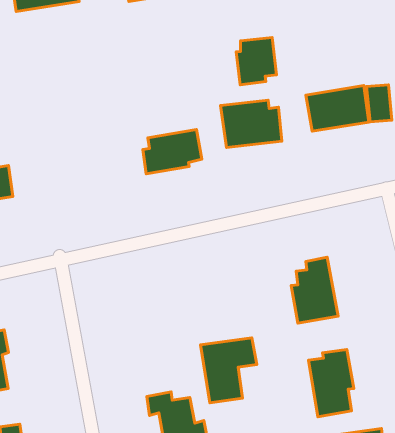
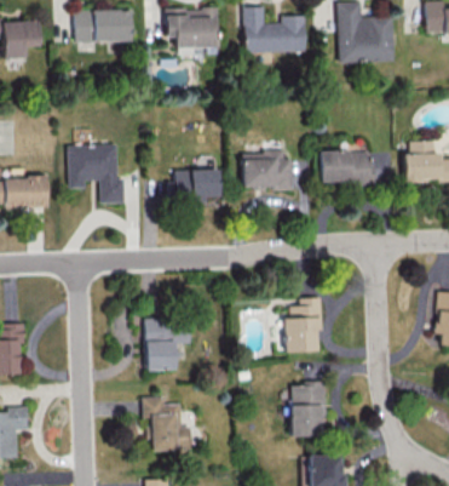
building: [236,38,277,85] -> none
building: none -> [69,145,126,204]
building: [200,338,257,403] -> [145,319,192,371]

